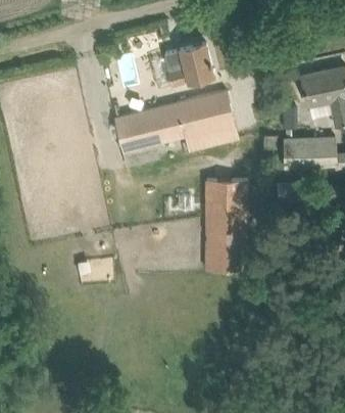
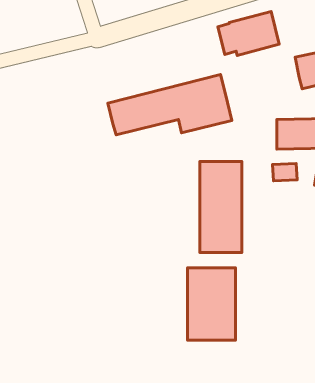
building: [151,43,212,87] -> [218,11,279,55]
building: none -> [188,268,235,340]

